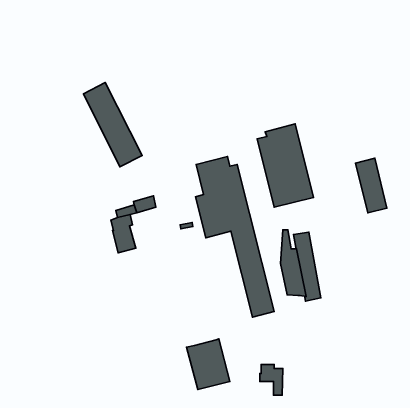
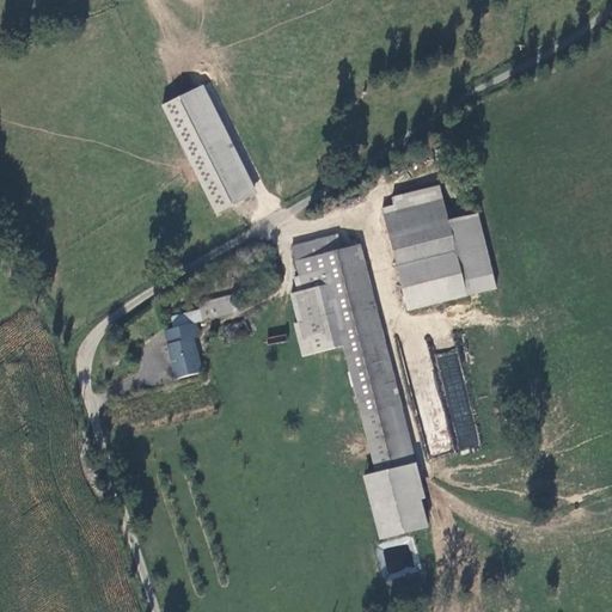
building: [84,83,142,167] -> [164,87,251,213]
building: [356,158,387,213] -> [449,213,496,294]
building: [187,339,230,390] -> [365,463,429,538]

